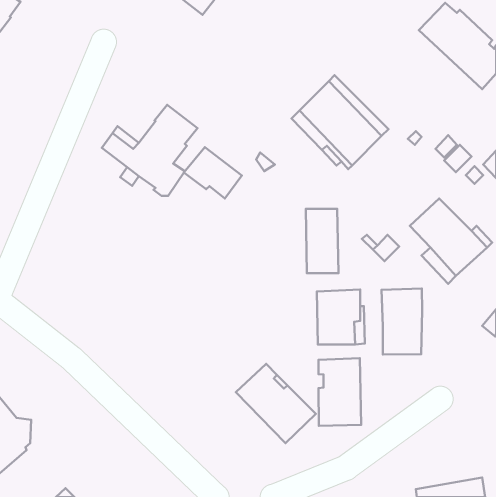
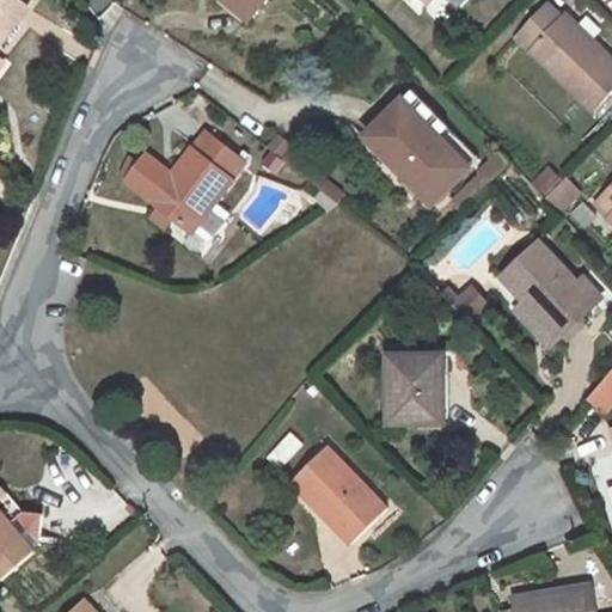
building: [184,147,242,198] -> none
building: [306,209,338,273] -> none
building: [382,289,422,355] -> none
building: [318,358,361,426] -> none

